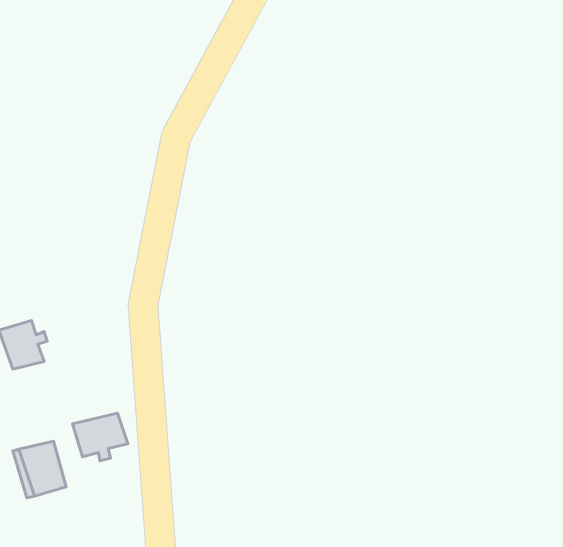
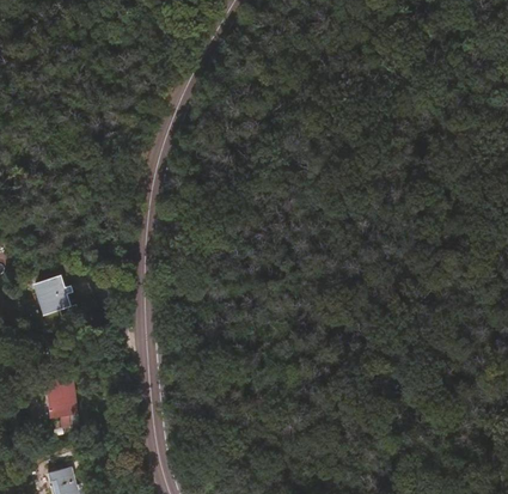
building: [73,413,128,461] -> none

